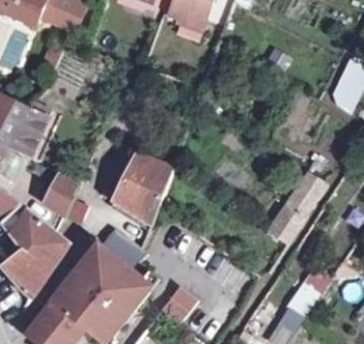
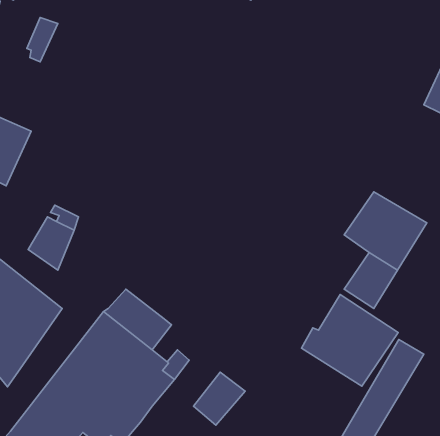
building: [116,155,172,224] -> none
building: none -> [301,295,398,386]

